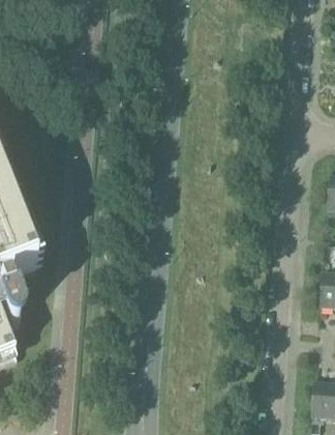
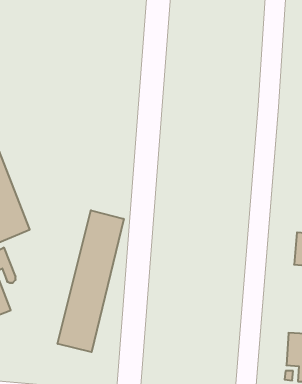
building: none -> [58,210,124,352]

